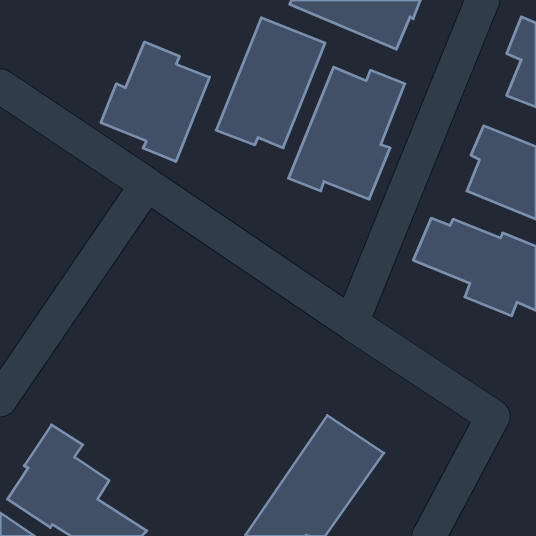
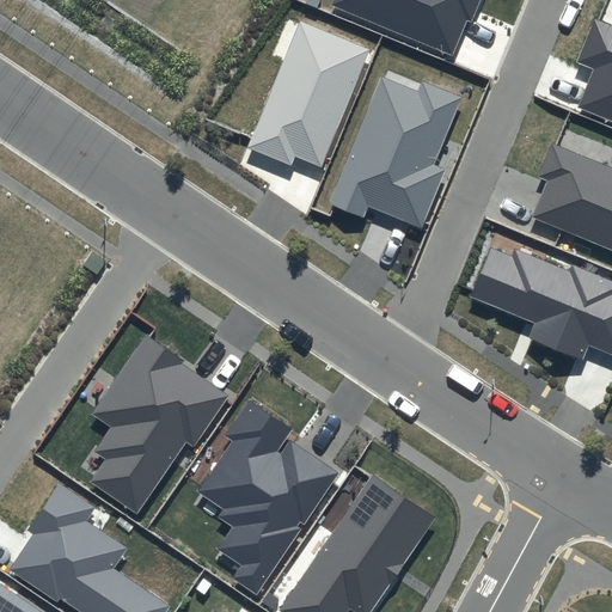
building: [101,42,210,162] -> none
building: none -> [90,333,228,514]
building: none -> [196,397,337,592]

